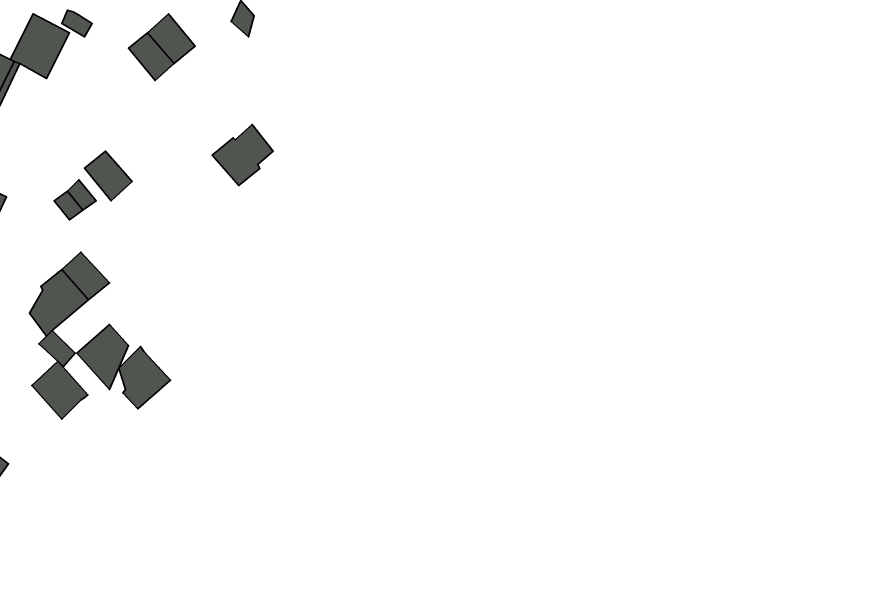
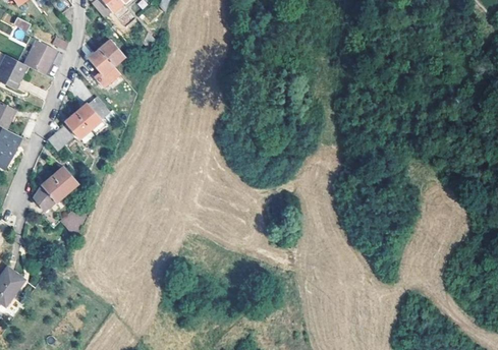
building: [212,125,273,186] -> [75,96,108,128]
building: [119,346,170,409] -> none
building: [32,361,88,419] -> none

